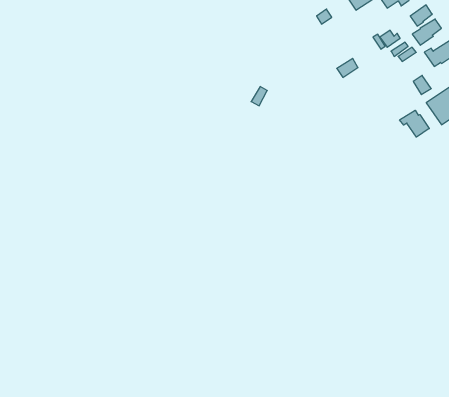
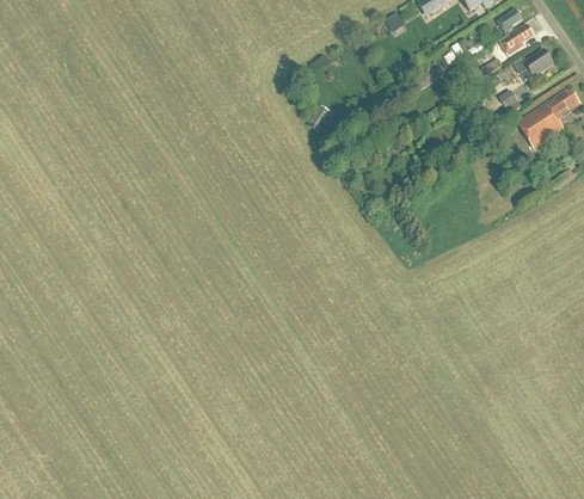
building: [400,110,429,137] -> none

